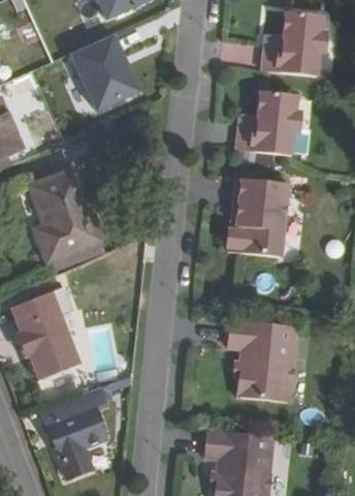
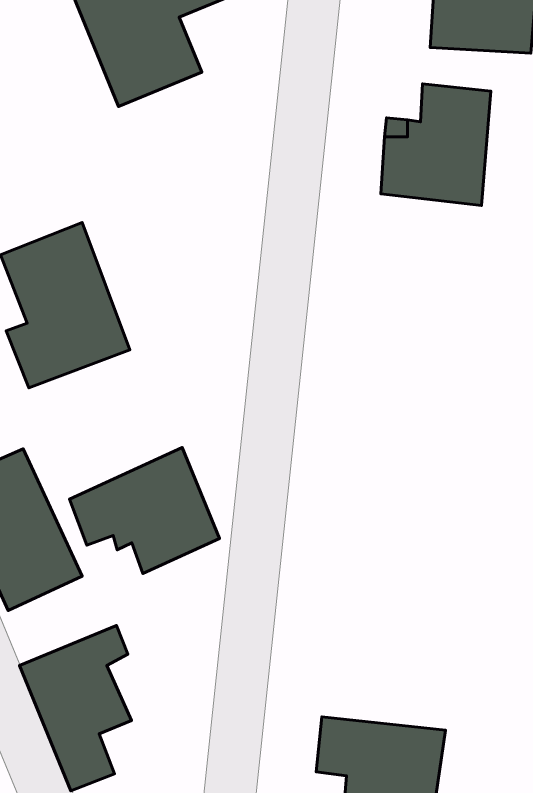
building: [227,173,291,251] -> none
building: none -> [69,448,219,574]
building: [226,324,293,409] -> none

